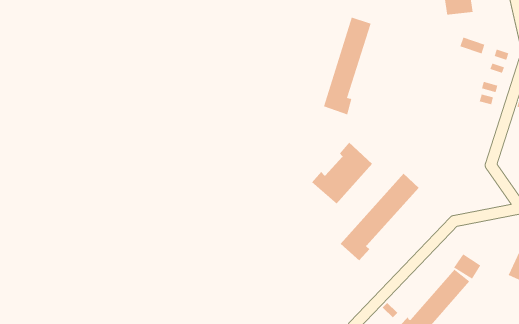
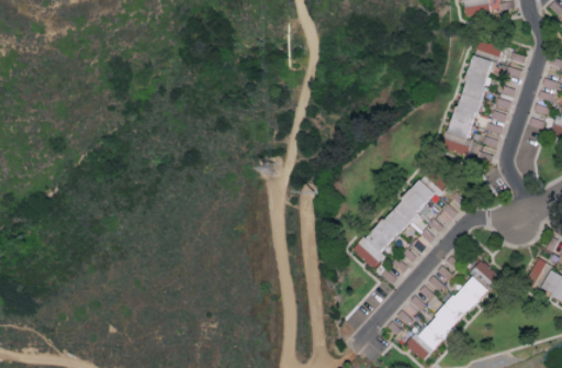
building: [323,17,372,115] -> [443,55,493,155]
building: [311,142,373,205] -> none

